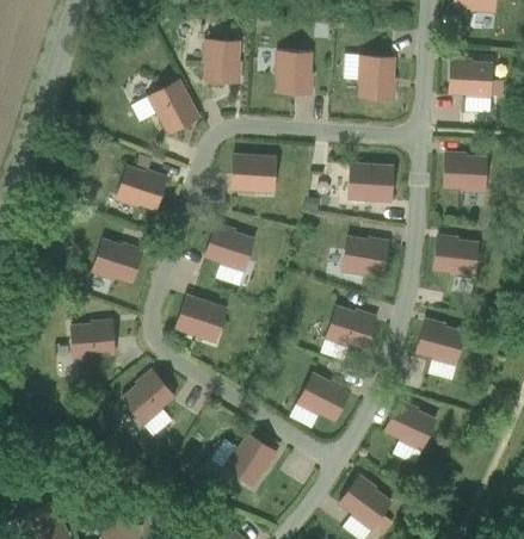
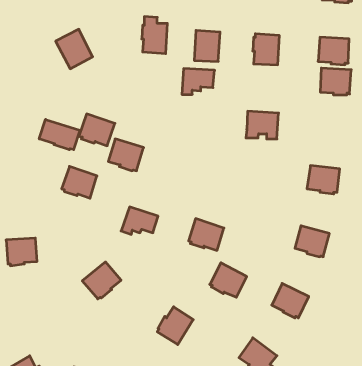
building: [148,79,199,134] -> [56,29,93,69]
building: [232,154,277,190] -> [182,69,215,94]
building: [444,154,487,191] -> [320,68,351,95]
building: none -> [39,119,80,150]
building: [205,225,254,270] -> [108,139,144,171]
building: [343,236,389,275] -> none
building: [327,305,376,349] -> [189,219,224,250]
building: [72,322,115,360] -> [6,238,37,266]

